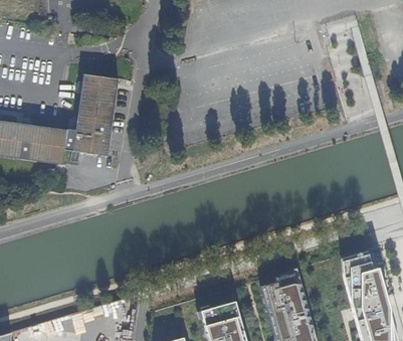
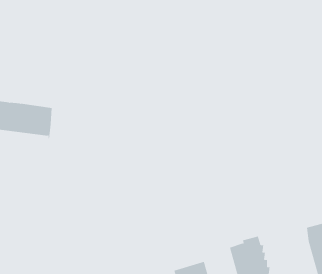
building: [64,74,118,156] -> none

